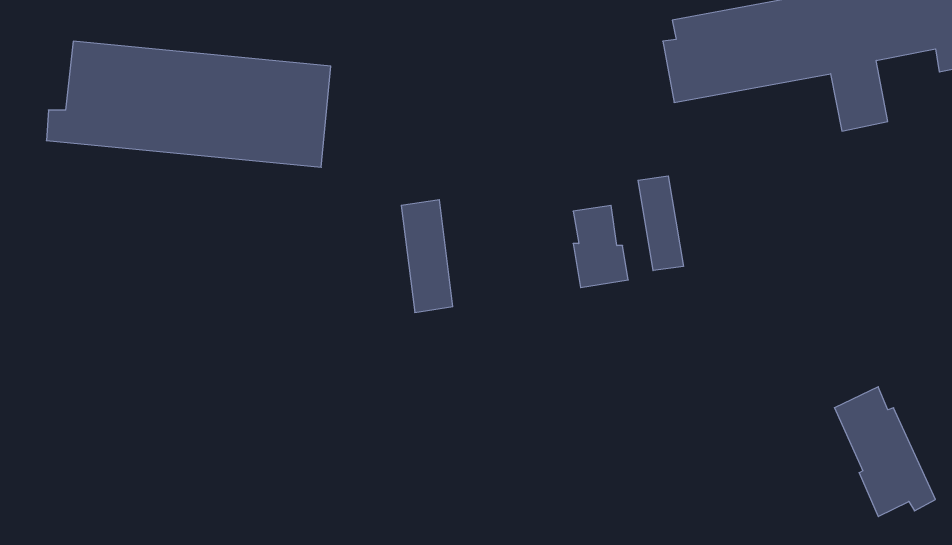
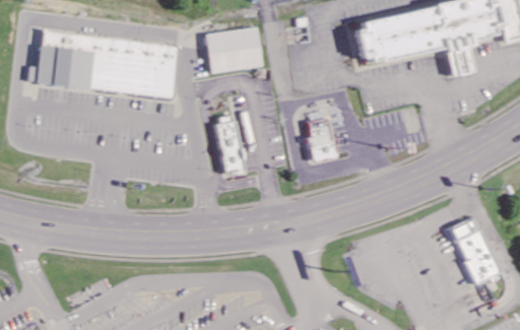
building: none -> [206,27,263,73]
building: [638,176,683,271] -> none

